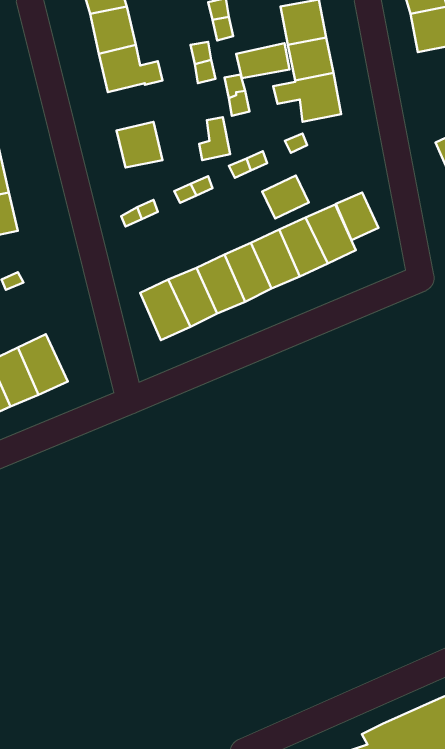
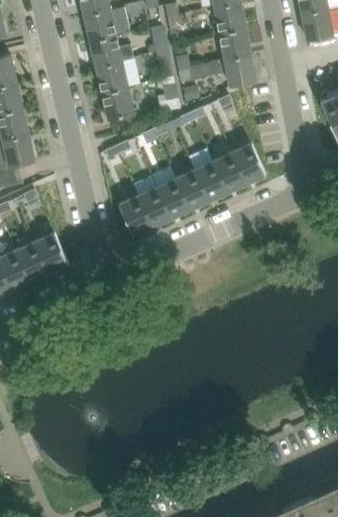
building: [236,43,290,78] -> none
building: none -> [96,60,127,92]
building: [262,175,309,218] -> none
building: [336,192,379,240] -> none

